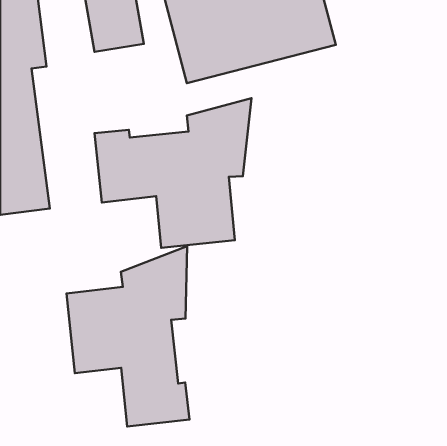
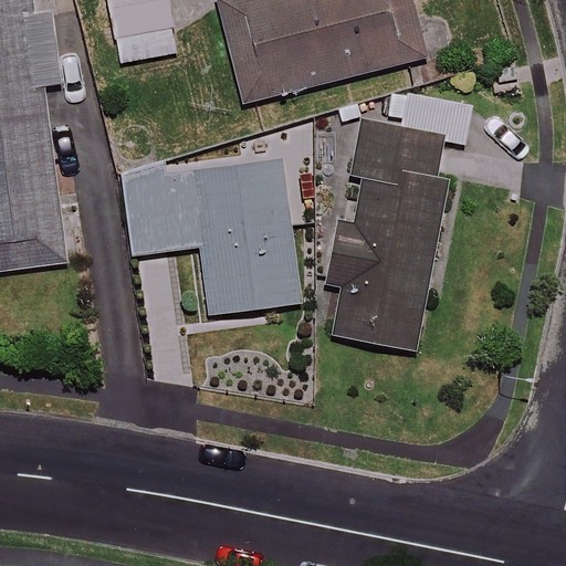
building: none -> [324,91,471,352]
building: [66,246,189,427] -> none

